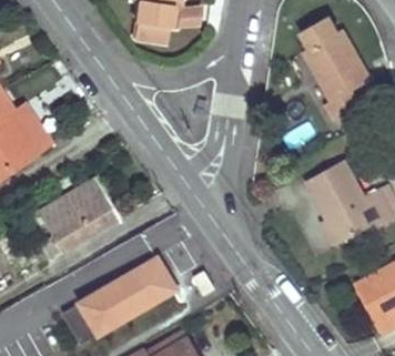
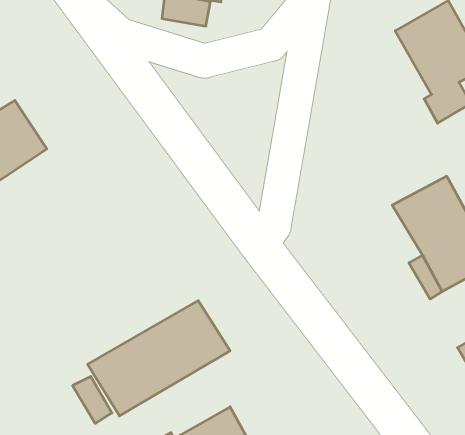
building: [39,176,118,248] -> none

